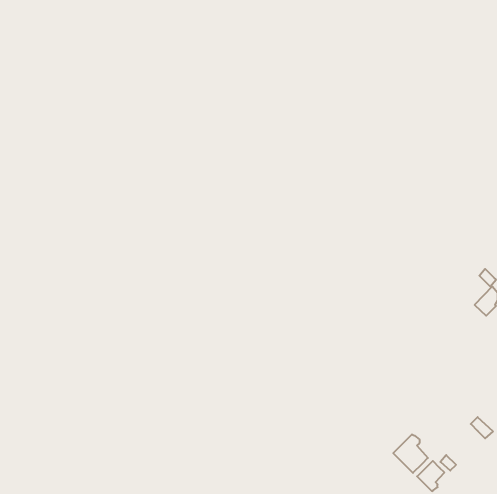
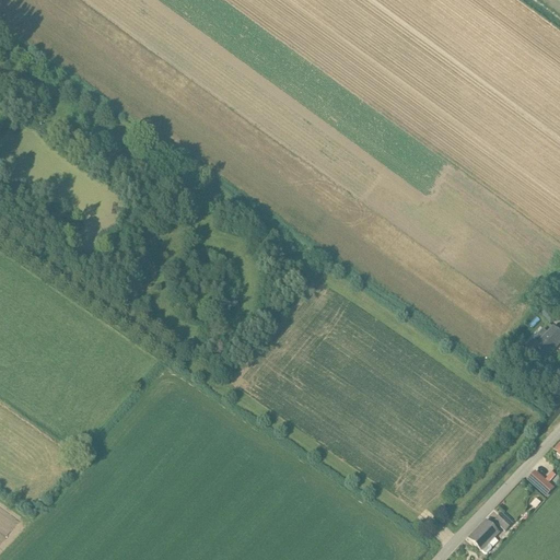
building: [393,434,428,473] -> none

